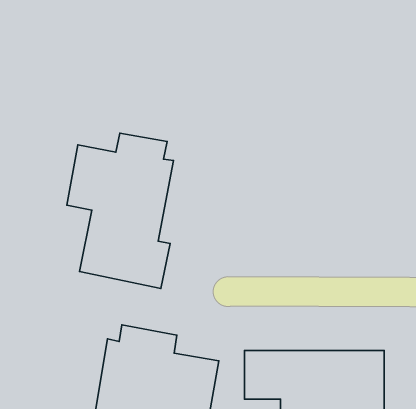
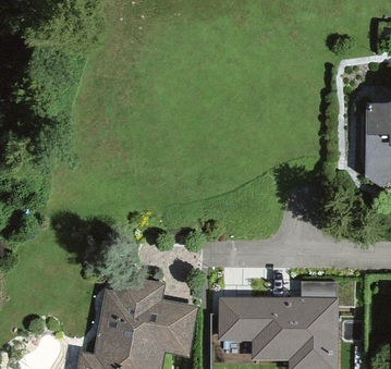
building: [67,133,174,288] -> none

